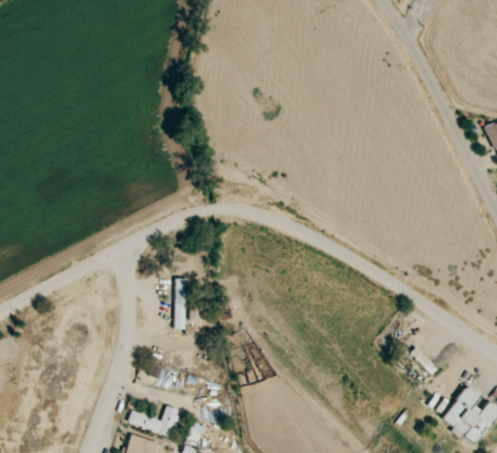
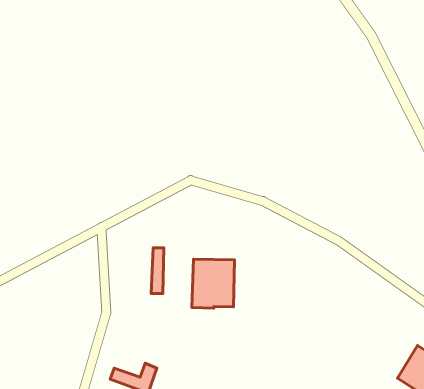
building: none -> [192,259,234,308]

